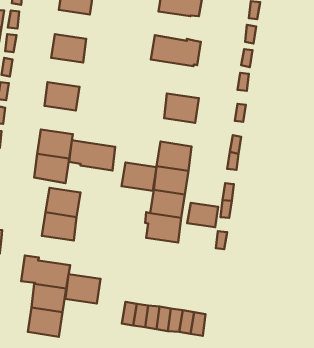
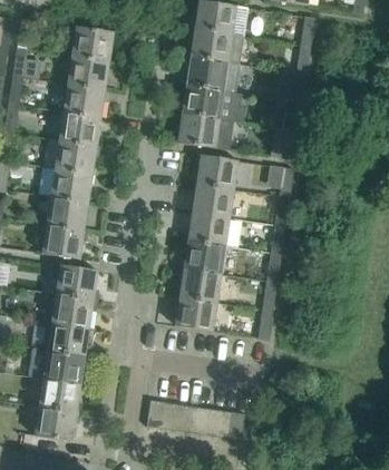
building: none -> [68,55,109,89]
building: none -> [186,57,239,91]
building: none -> [59,111,101,146]
building: none -> [177,114,232,150]
building: [69,140,115,170] -> [38,166,93,202]
building: [122,163,156,191] -> [193,183,234,216]
building: [187,203,218,227] -> none
building: [65,274,101,303] -> [48,322,90,356]

